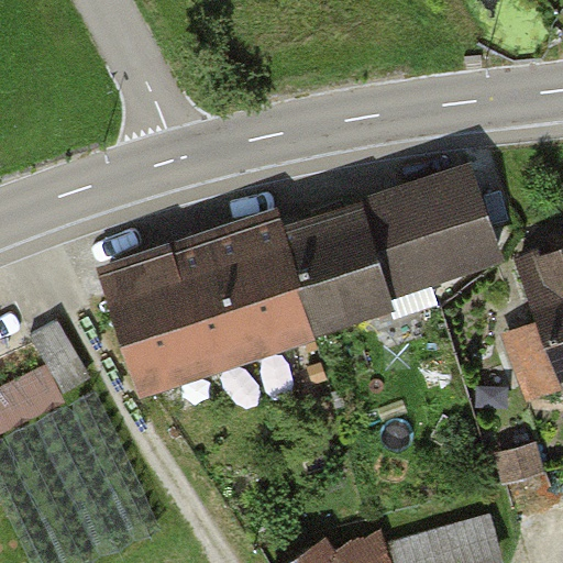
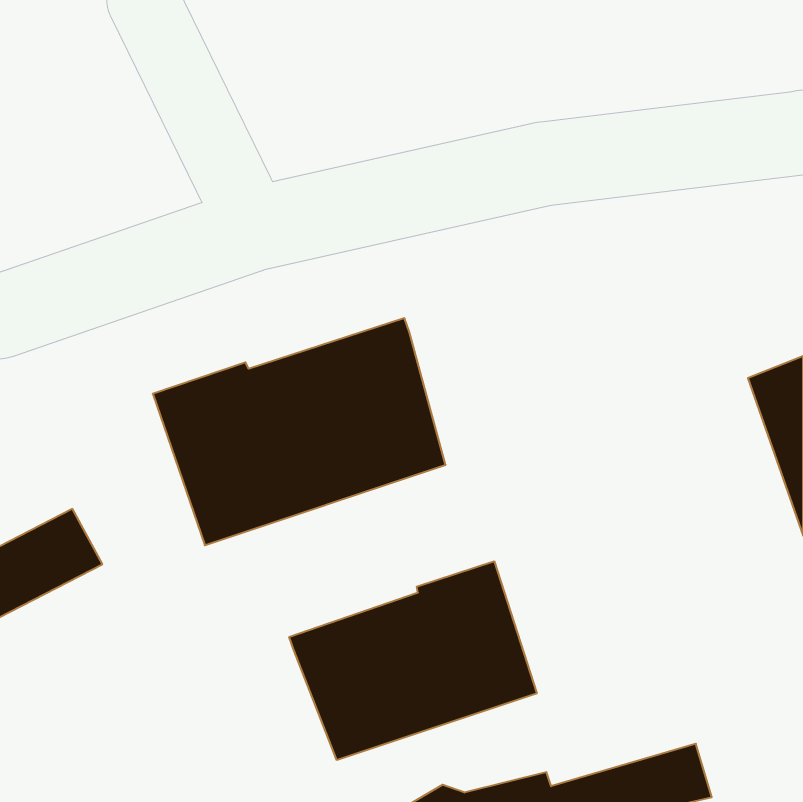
building: [286,172,498,327] -> none
building: none -> [289,561,537,760]

